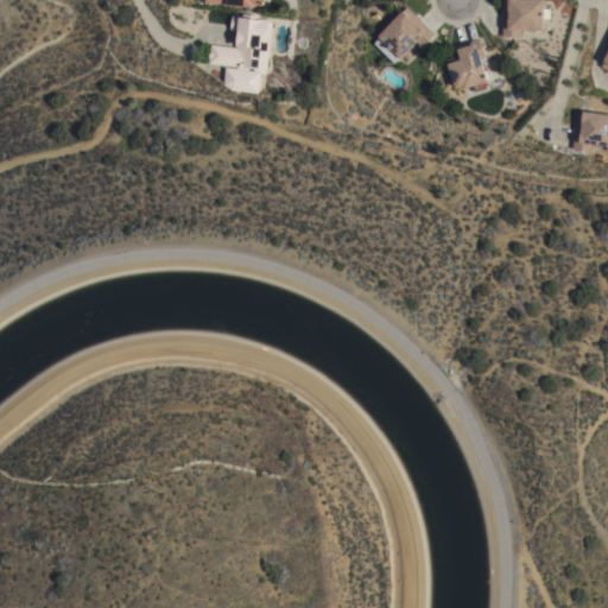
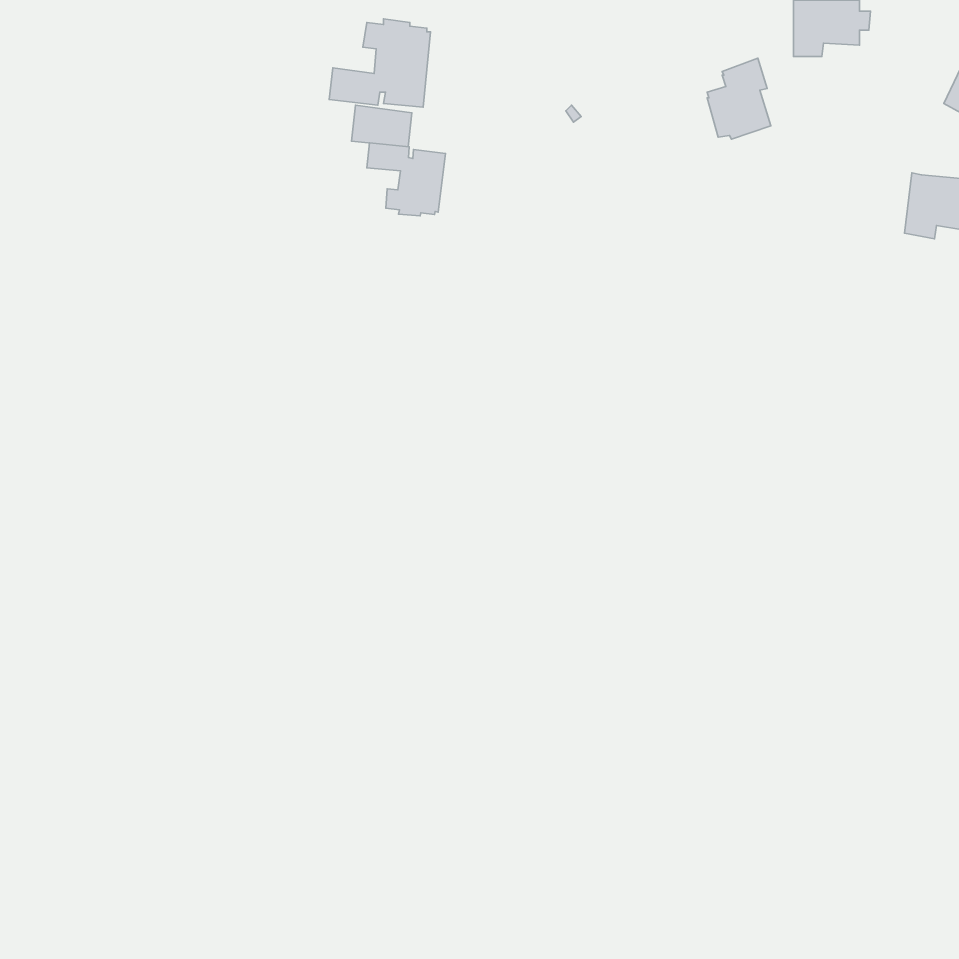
building: [374,7,436,64] -> none
building: none -> [367,143,445,216]

